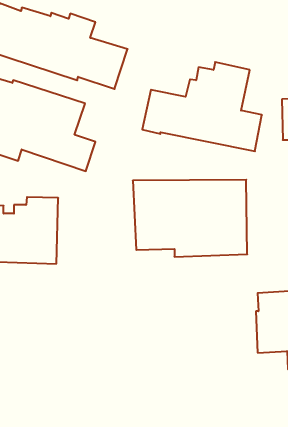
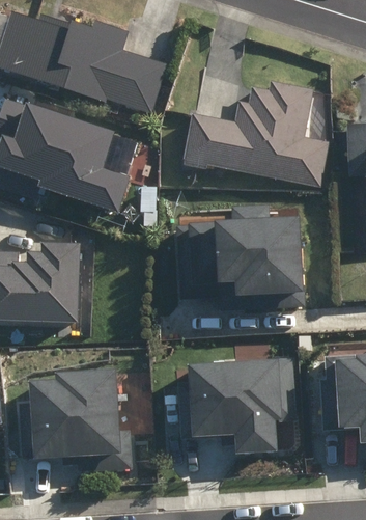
building: none -> [185,358,287,453]
building: none -> [31,371,130,472]

